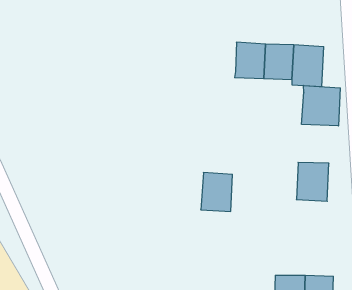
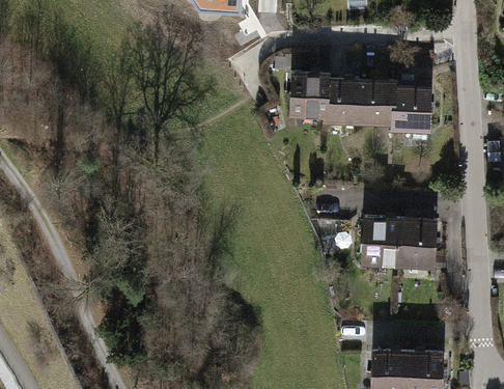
building: none -> [293,74,328,114]
building: [302,85,340,126] -> none
building: [201,173,232,211] -> [363,219,400,265]

